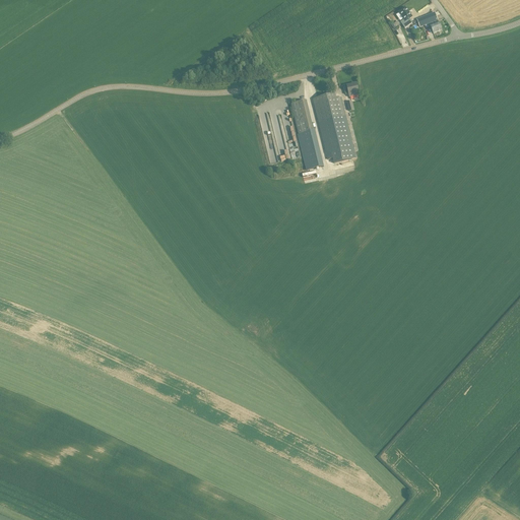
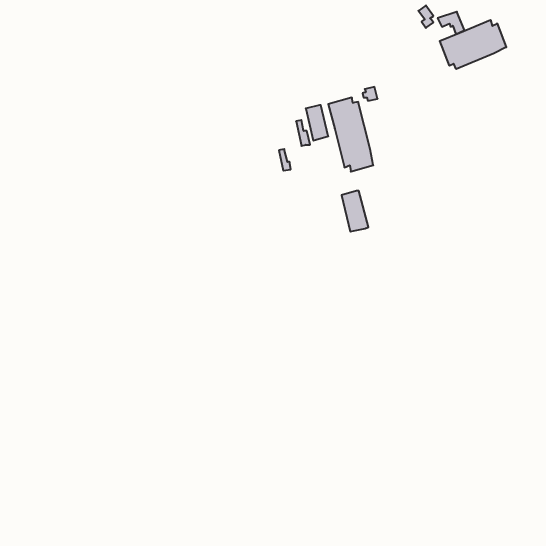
building: none -> [440,20,506,69]
building: [297,129,322,168] -> [342,191,368,232]

